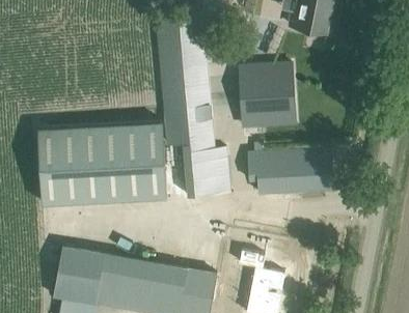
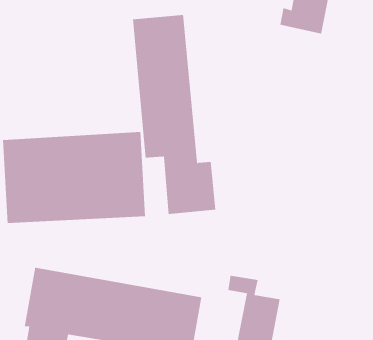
building: [240,66,294,127] -> none
building: [246,150,334,198] -> none

